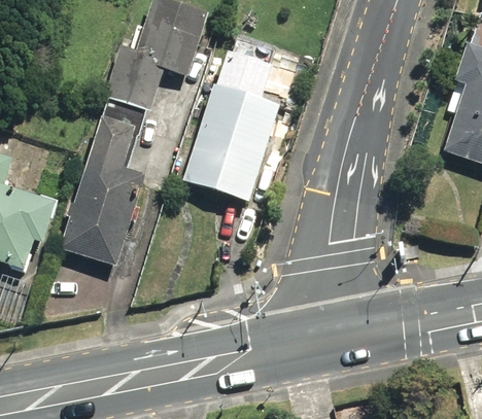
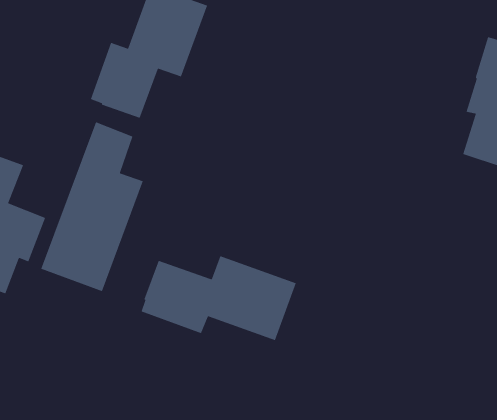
building: [185,47,281,202] -> none
building: none -> [141,255,297,341]

